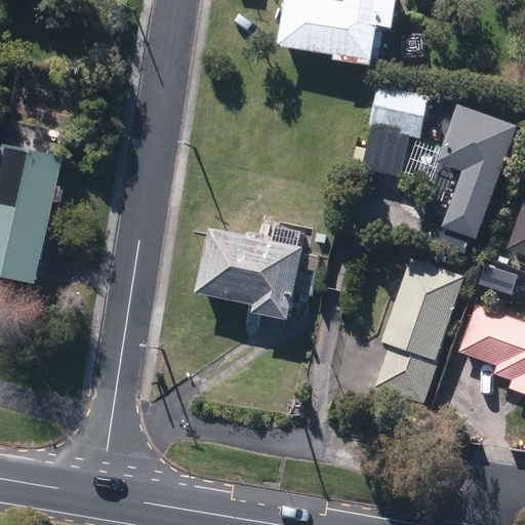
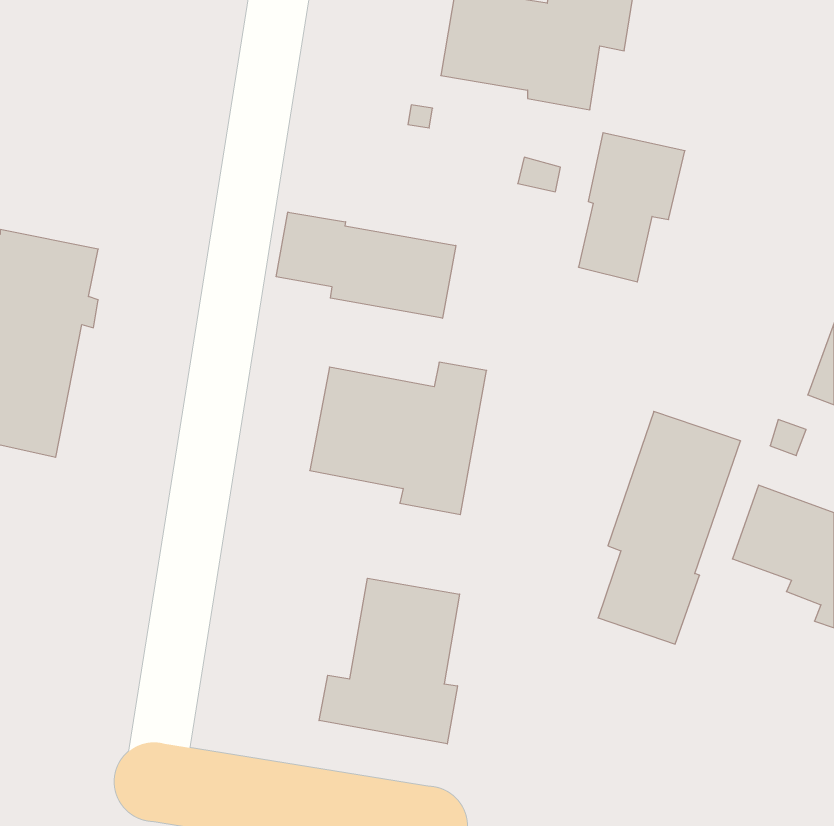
building: [431,104,517,240] -> none
building: none -> [276,212,456,318]
building: none -> [319,578,460,744]

